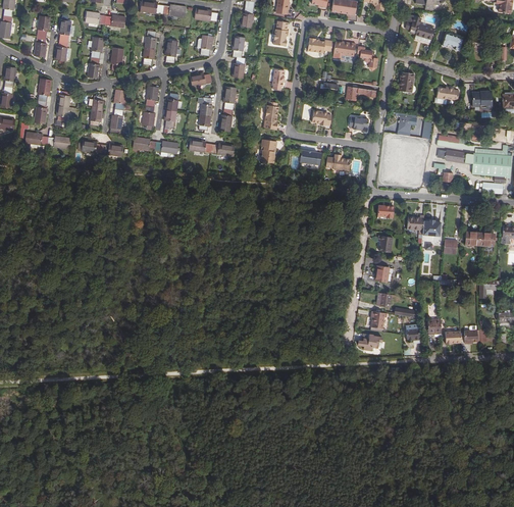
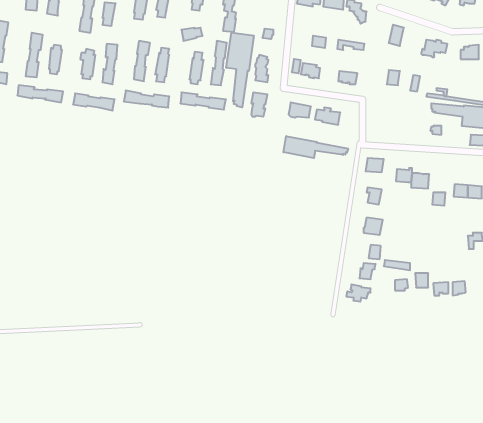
building: none -> [226,33,254,107]
building: none -> [283,136,348,158]

